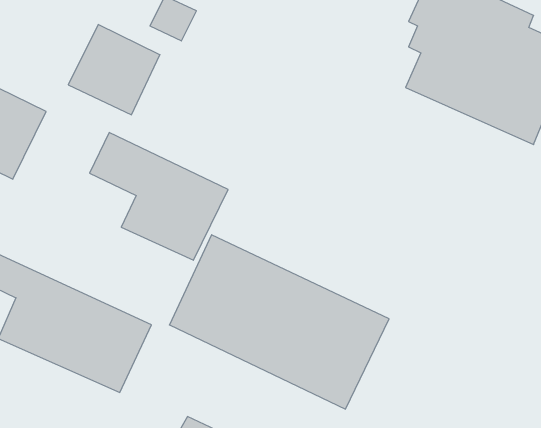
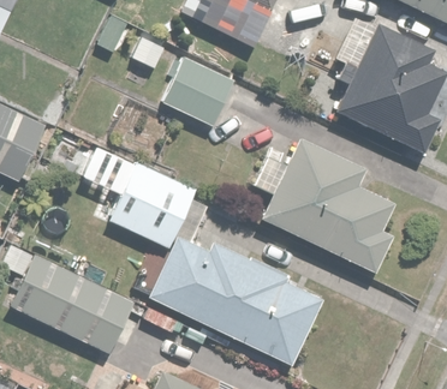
building: [68,25,160,115] -> [162,56,236,128]
building: none -> [251,138,397,274]

